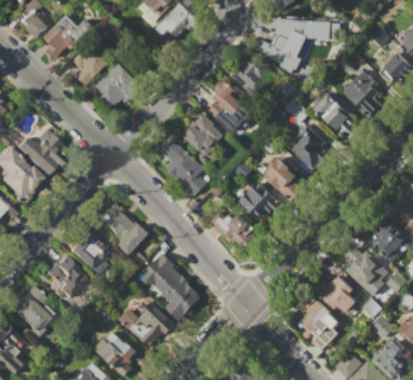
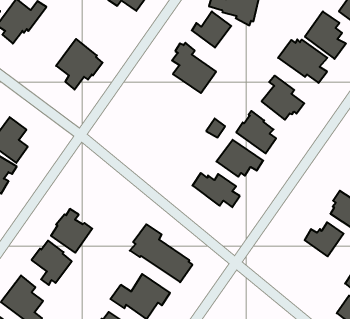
building: [73,41,109,86] -> none
building: [181,114,224,155] -> none
building: [160,139,207,196] -> none
building: [102,203,150,255] -> none
building: [294,295,340,350] -> none

